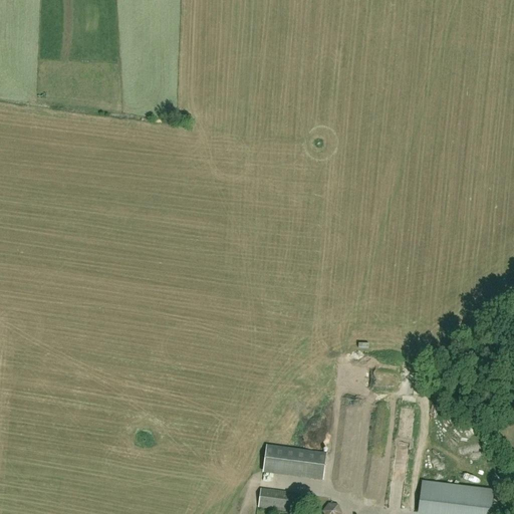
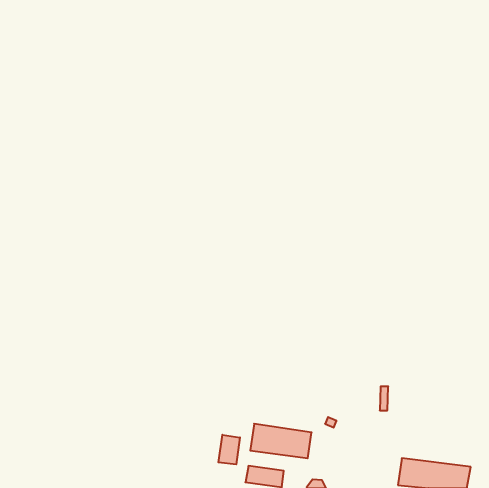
building: none -> [218,435,240,464]

